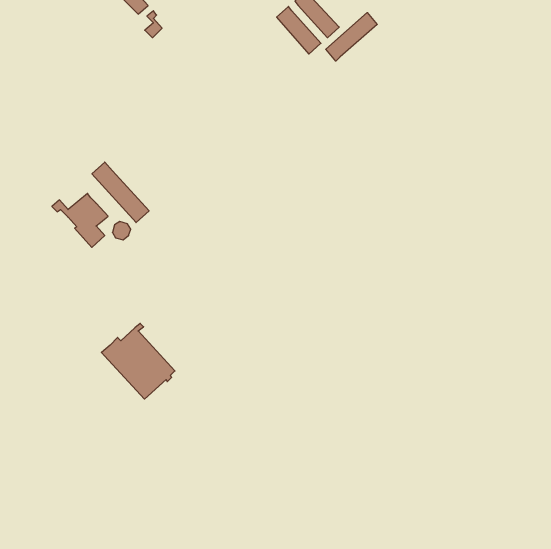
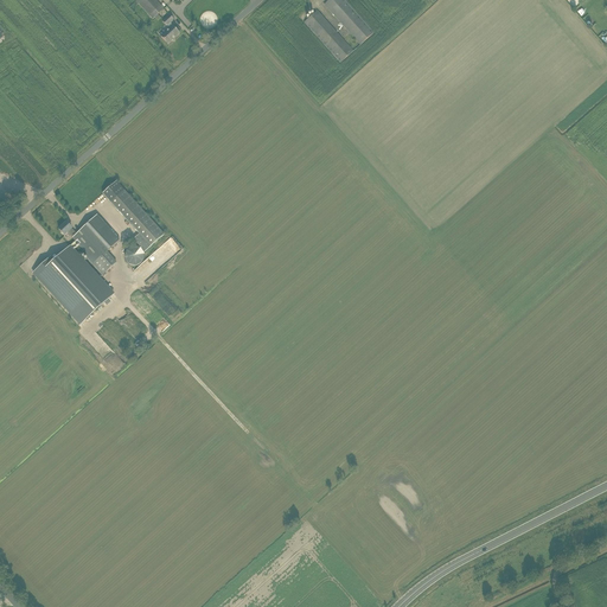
building: [326,13,377,61] -> none
building: [101,323,175,399] -> [32,238,113,321]

